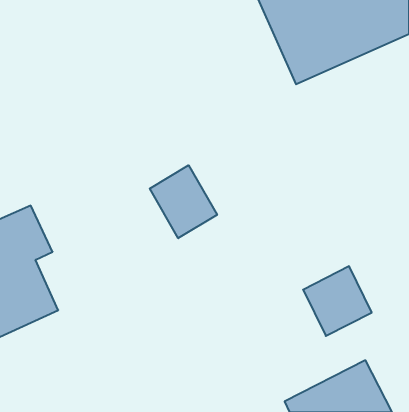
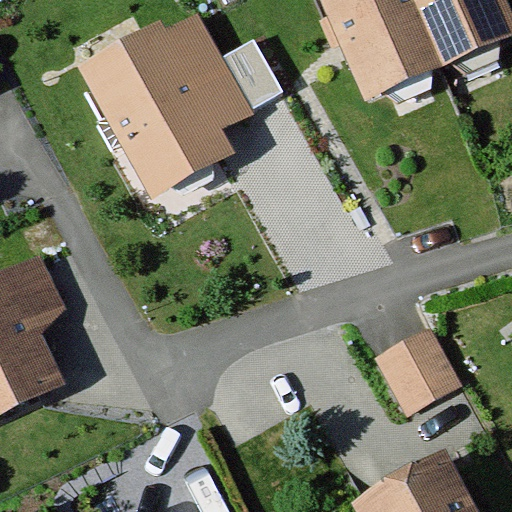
building: none -> [73,10,251,196]
building: [150,165,217,238] -> none

